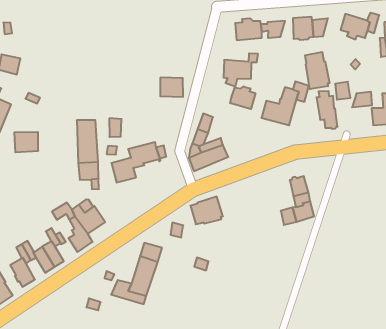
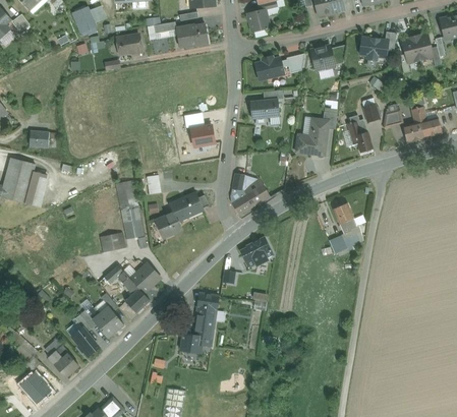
building: [305,52,330,89] -> none
building: [230,86,255,109] -> none
building: [14,132,38,152] -> [99,233,125,256]

